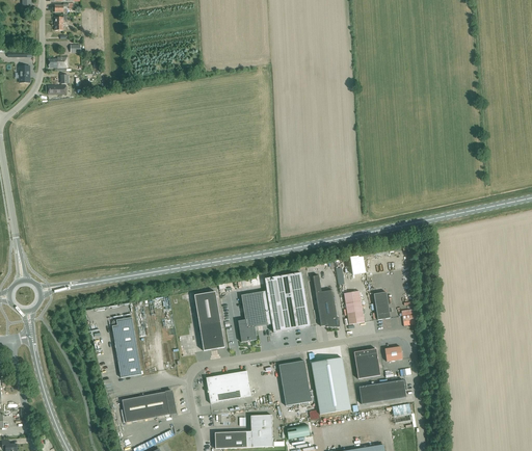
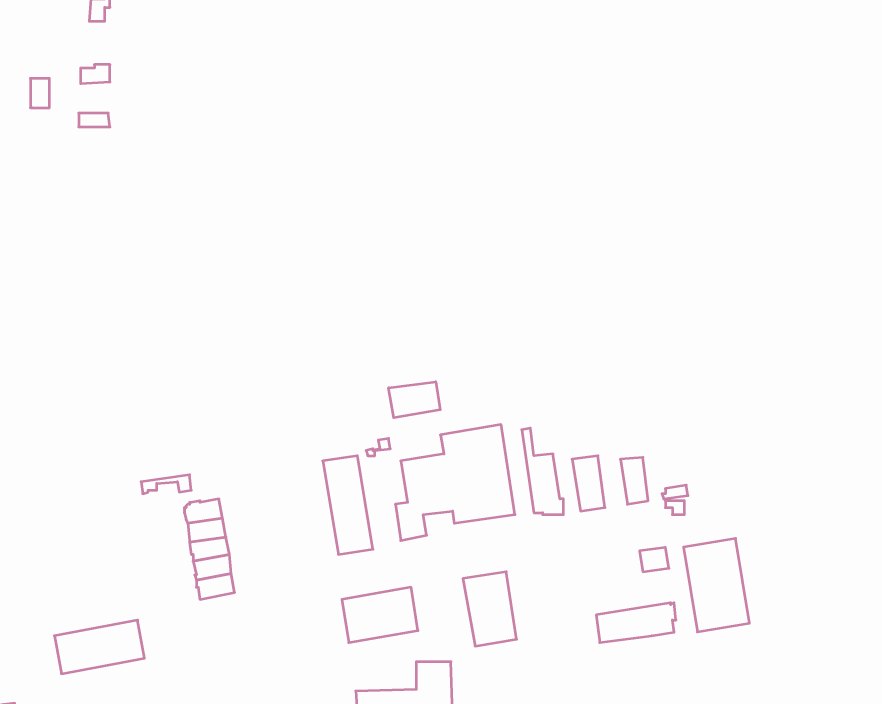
building: none -> [389,382,440,418]
building: [353,348,380,378] -> none
building: [311,357,350,414] -> [684,538,749,632]
building: [122,390,176,422] -> [54,620,144,674]

